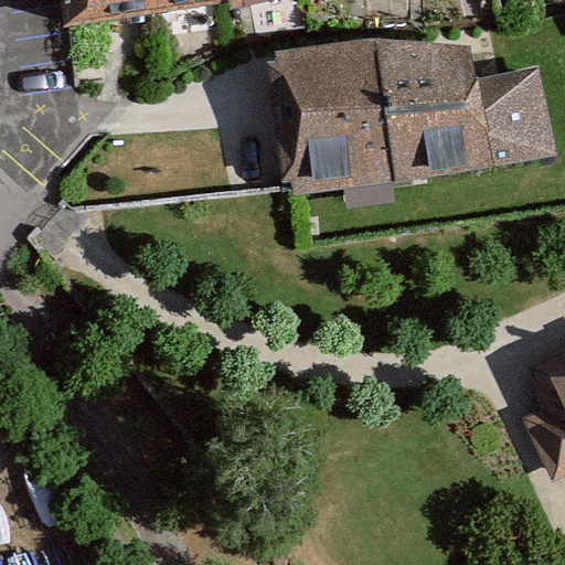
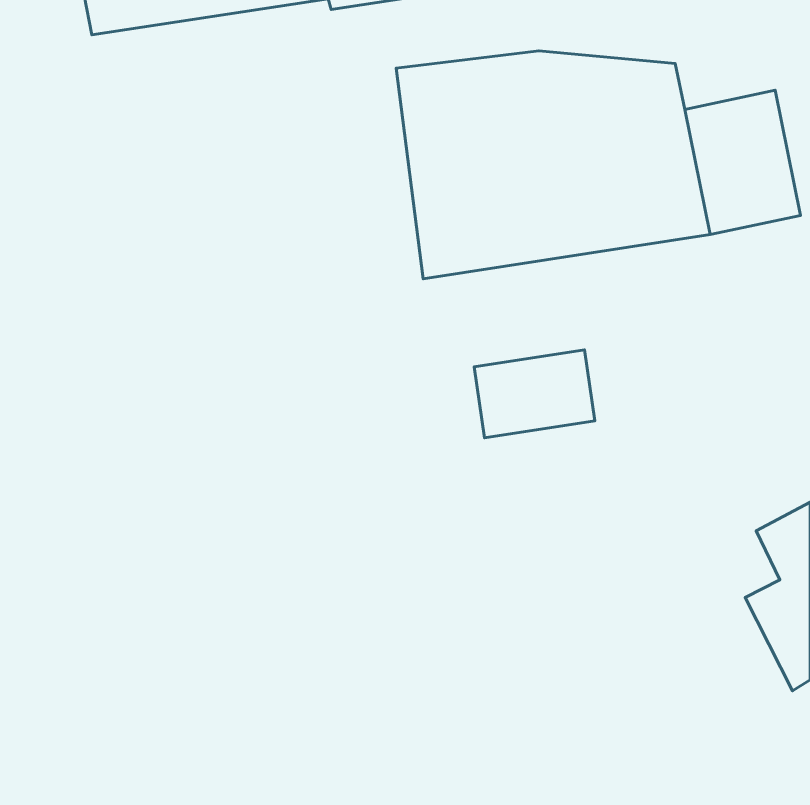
building: none -> [474,350,595,438]

